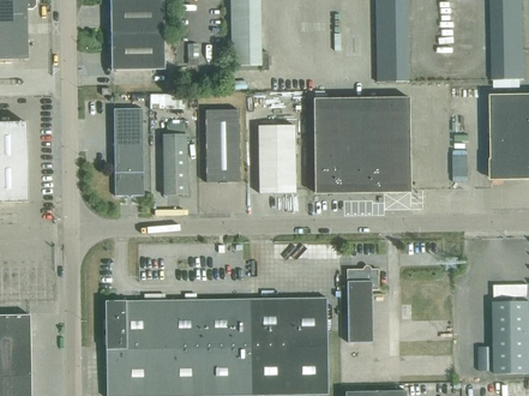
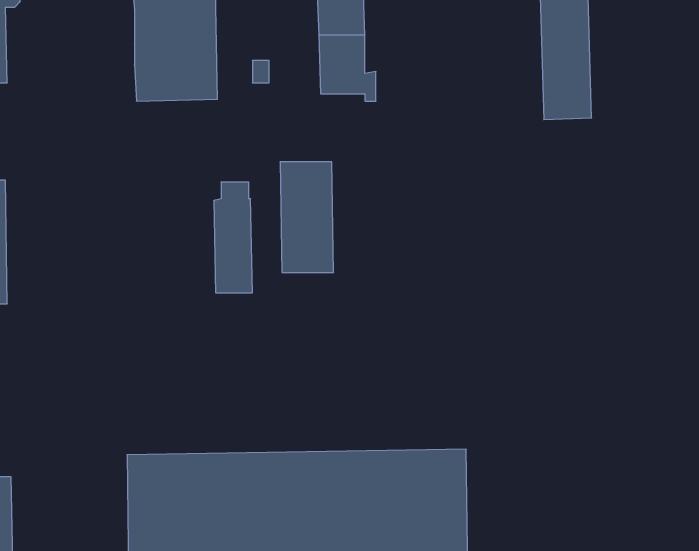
building: [313,96,410,192] -> none
building: [113,108,144,196] -> none
building: [258,125,295,192] -> none
building: [347,268,378,342] -> none

